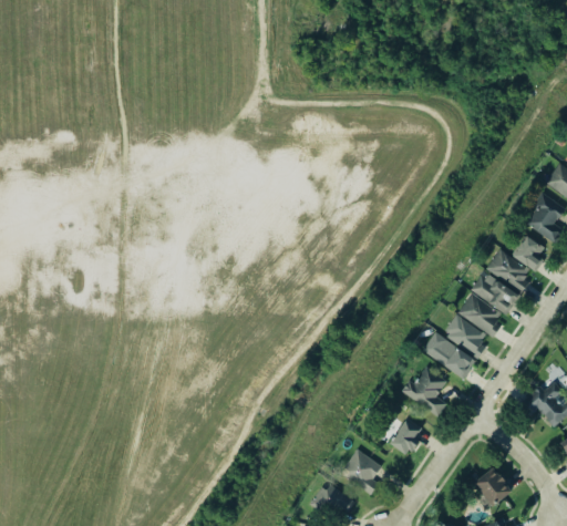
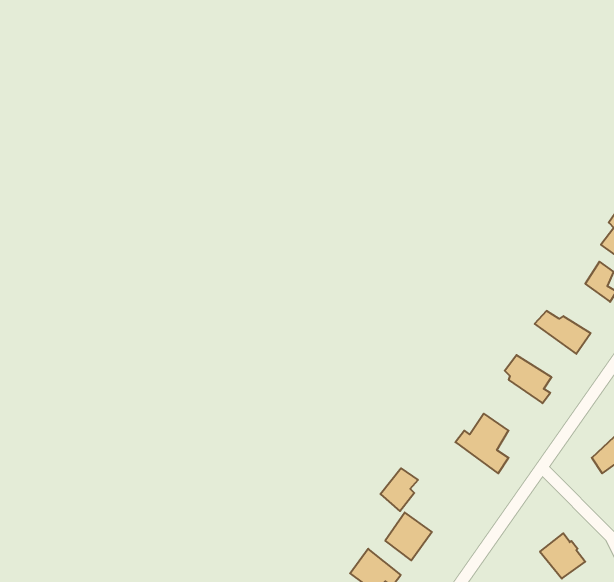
building: [485,250,527,292] -> none
building: [456,295,497,337] -> none
building: [421,333,473,379] -> none
building: [389,420,421,456] -> [380,468,418,511]

